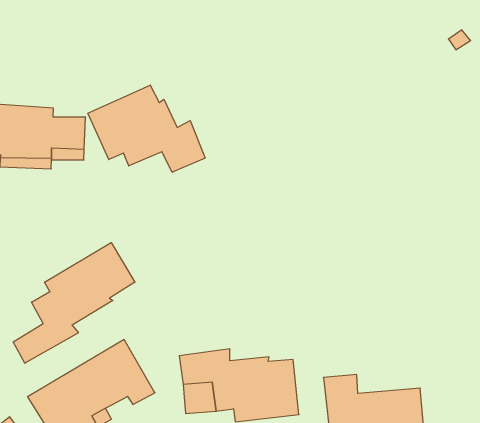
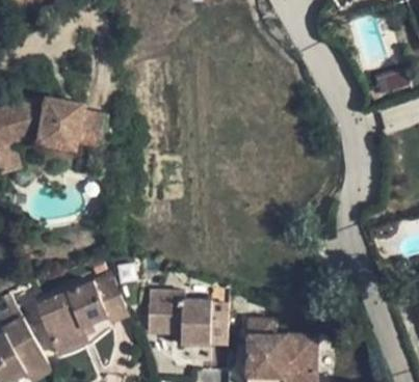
building: [88,85,205,172] -> none
building: [13,243,135,363] -> none

